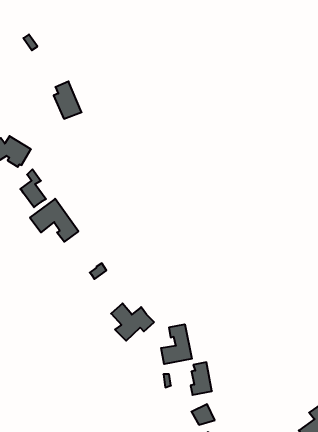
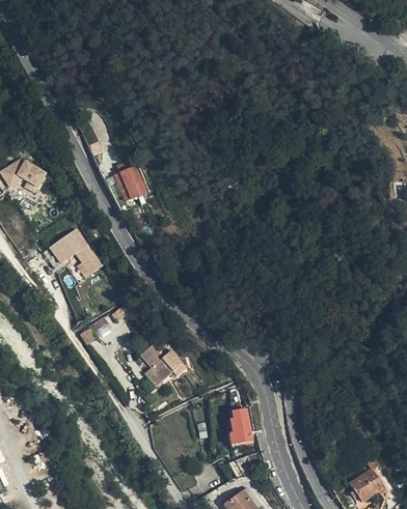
building: [54,81,82,119] -> [113,161,144,202]
building: [20,169,46,207] -> none
building: [161,324,192,364] -> none

